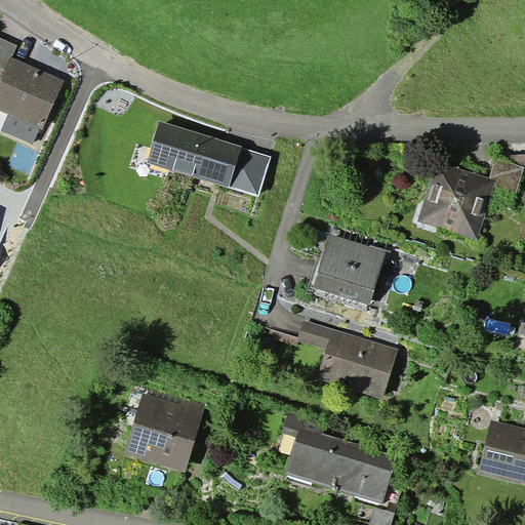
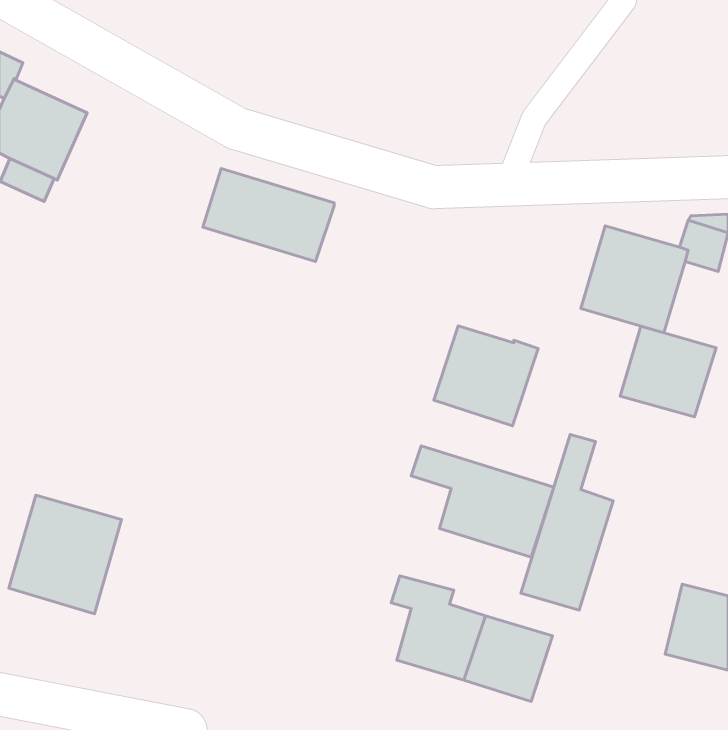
building: [227,148,270,197] -> none
building: none -> [620,326,716,417]
building: none -> [521,435,613,610]
building: [124,387,205,472] -> [9,495,121,614]

